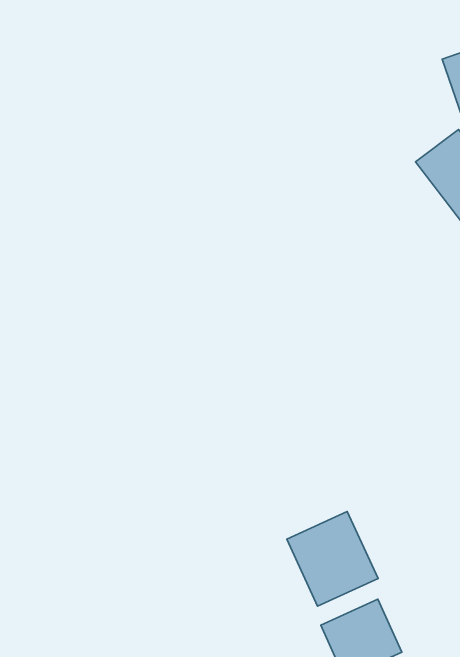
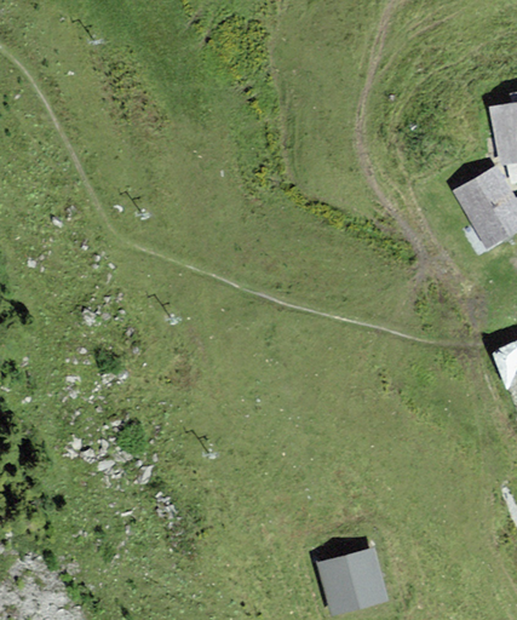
building: [287,512,378,606] -> none

